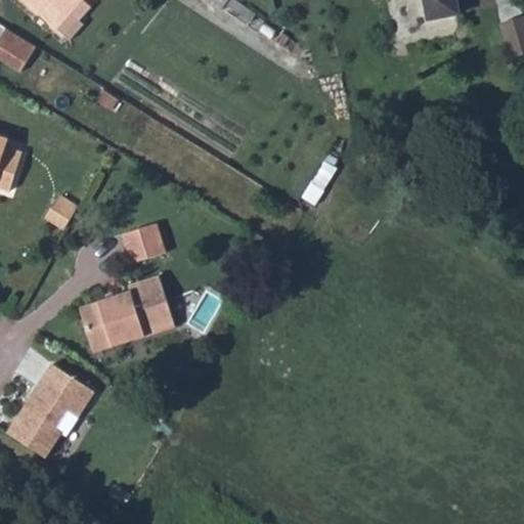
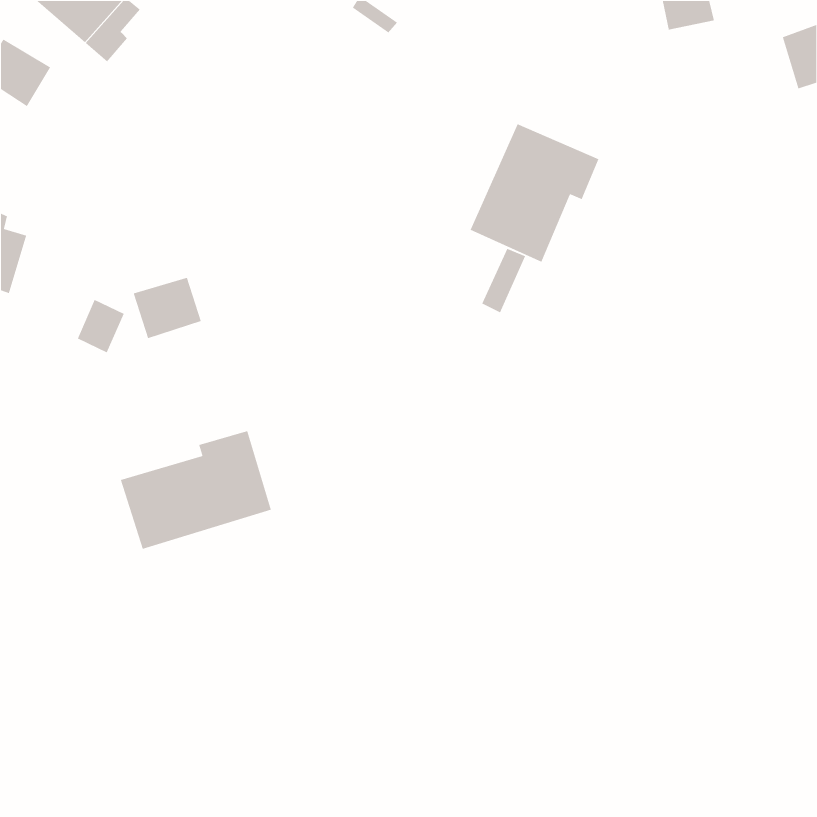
building: none -> [470,123,599,263]
building: [121,223,165,263] -> [133,277,202,339]
building: [4,360,93,456] -> none

